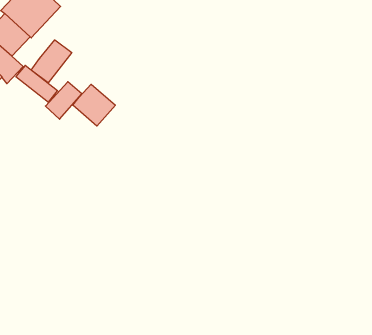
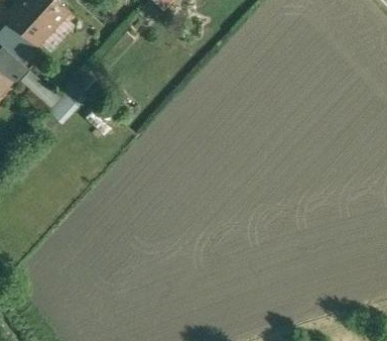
building: [31,40,72,83] -> none
building: [73,84,115,126] -> none

